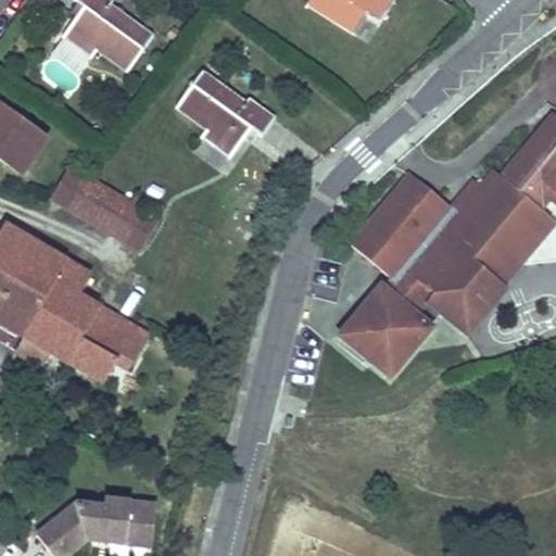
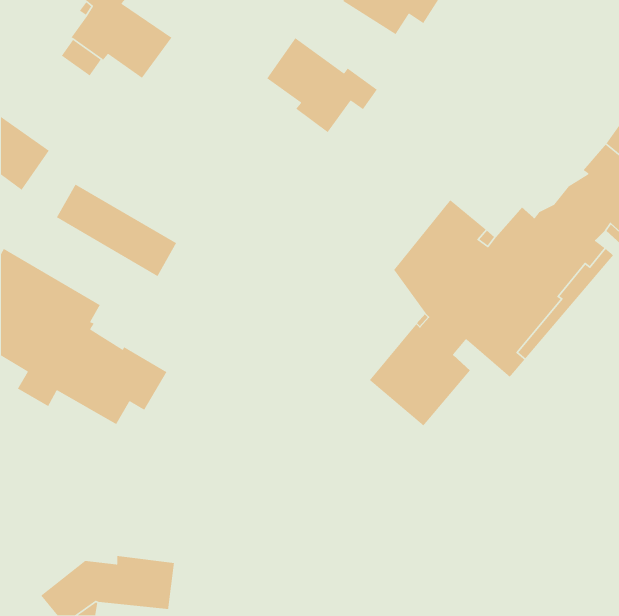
building: [176,68,276,154] -> [266,37,378,133]

